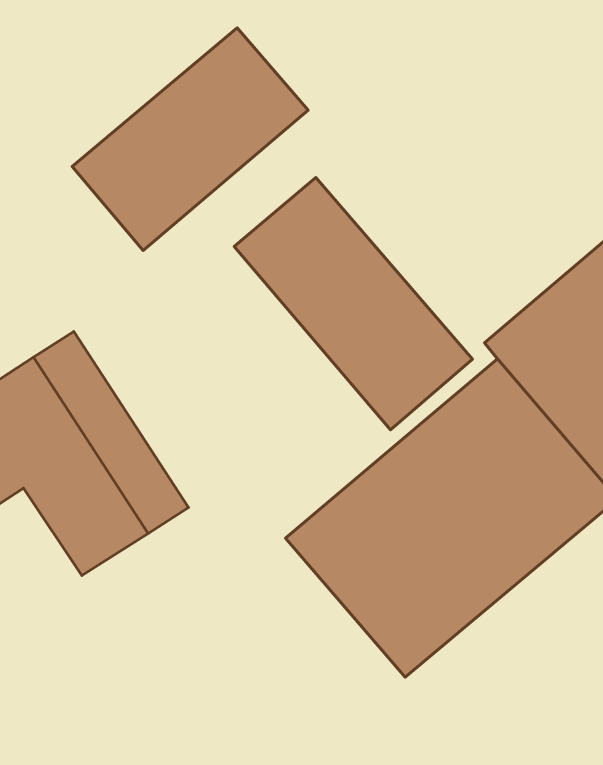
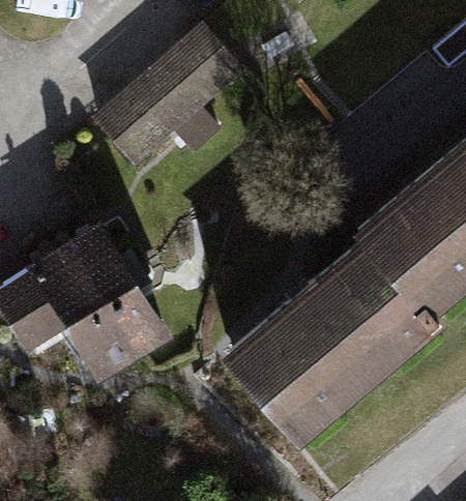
building: [234,178,473,430] -> none

